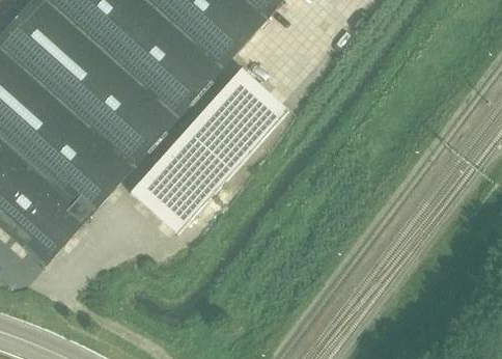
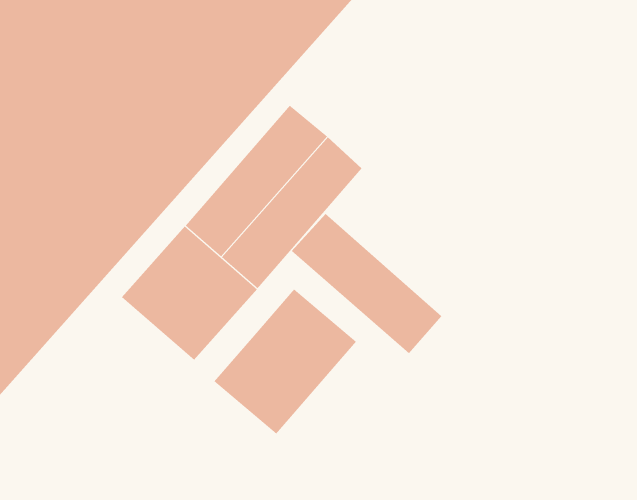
building: none -> [291,213,442,354]
building: none -> [213,289,357,434]

